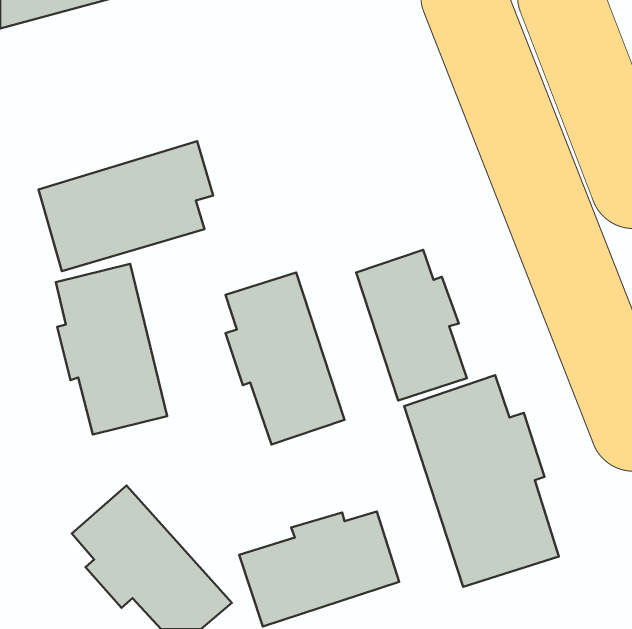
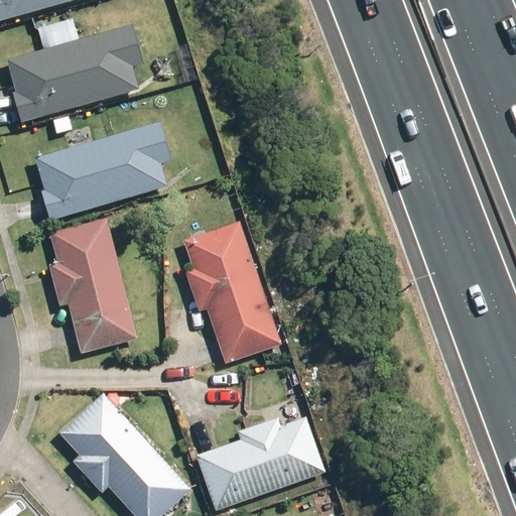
building: none -> [5,26,142,123]
building: [356,250,467,401] -> none
building: [404,375,559,587] -> none

